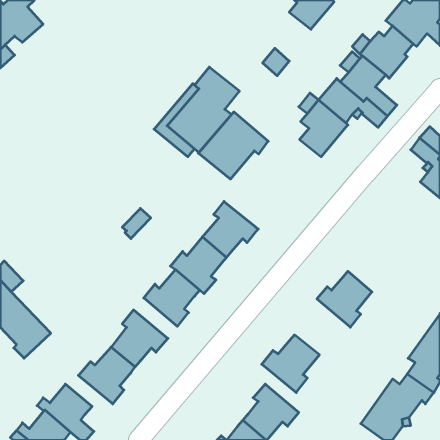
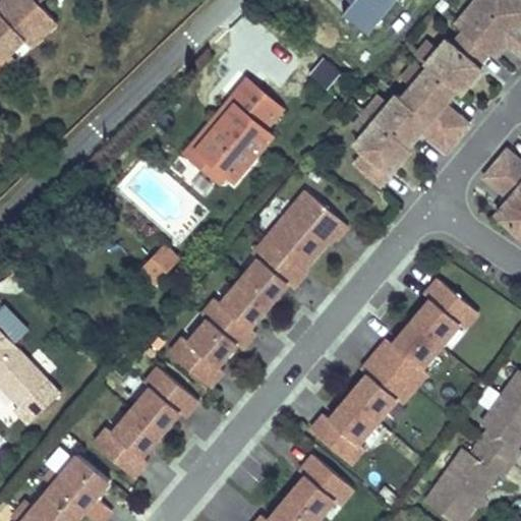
building: [198,112,268,179] -> [265,189,347,269]
building: none -> [411,278,477,345]
building: none -> [348,353,414,419]

